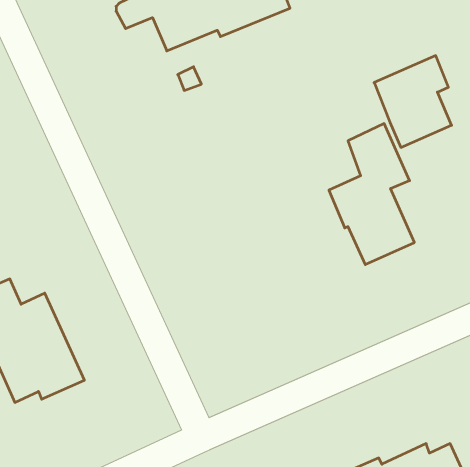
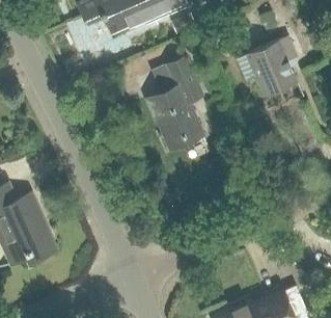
building: [329,124,414,265] -> [147,59,203,152]

